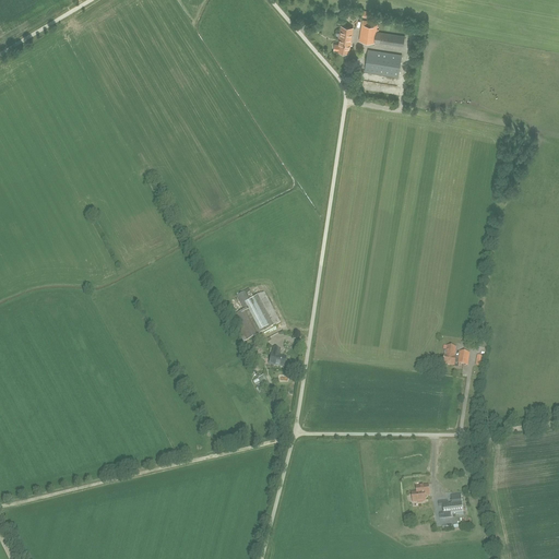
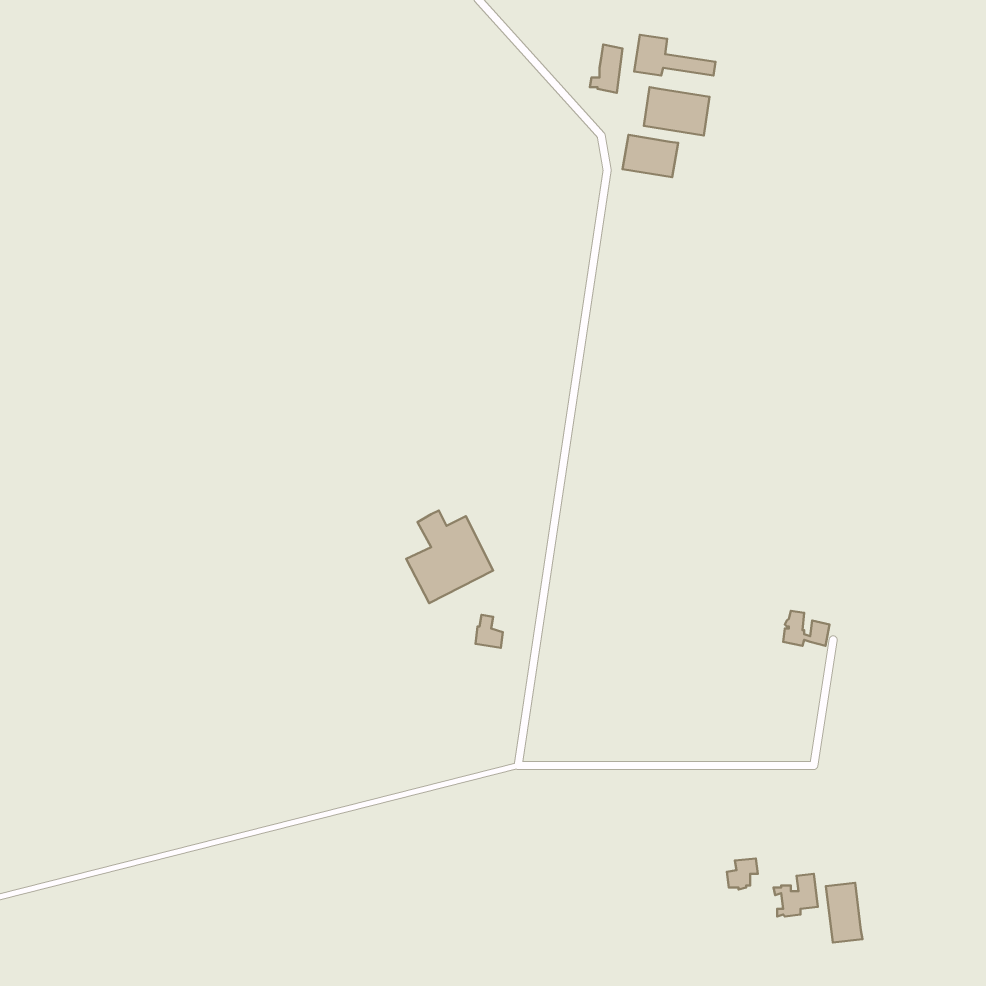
building: none -> [623,135,678,177]
building: none -> [826,883,862,943]

